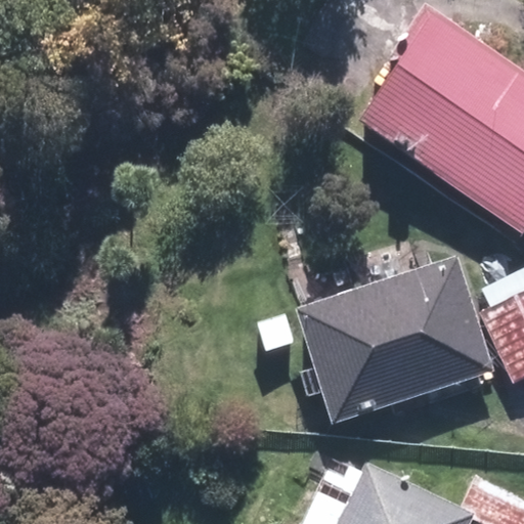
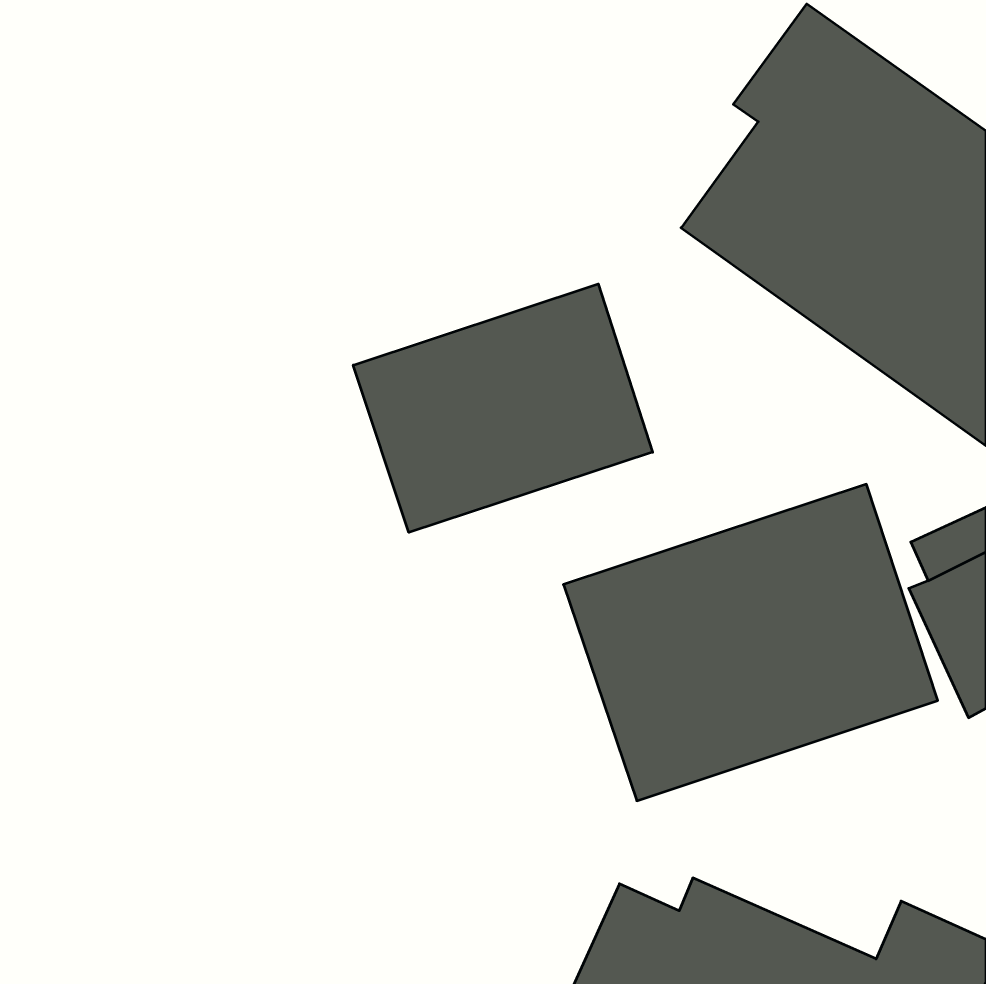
building: none -> [353,284,653,532]

